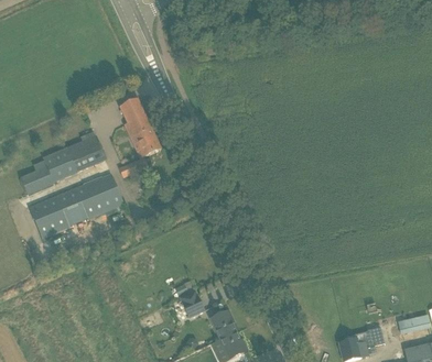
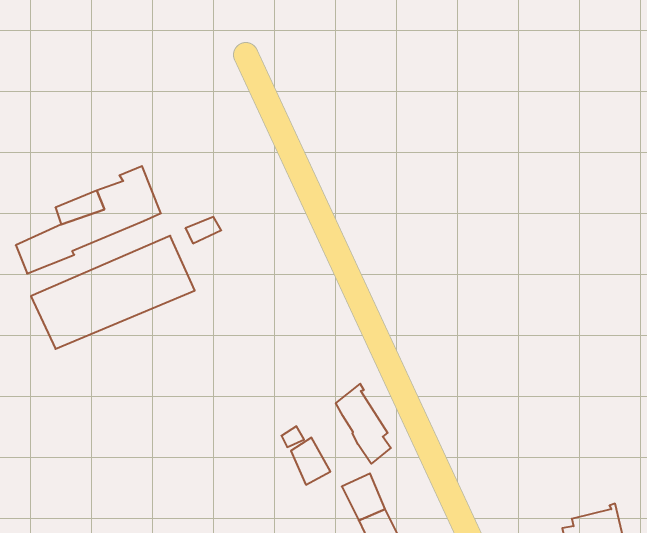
building: [120,97,161,156] -> none
building: none -> [336,384,391,464]

